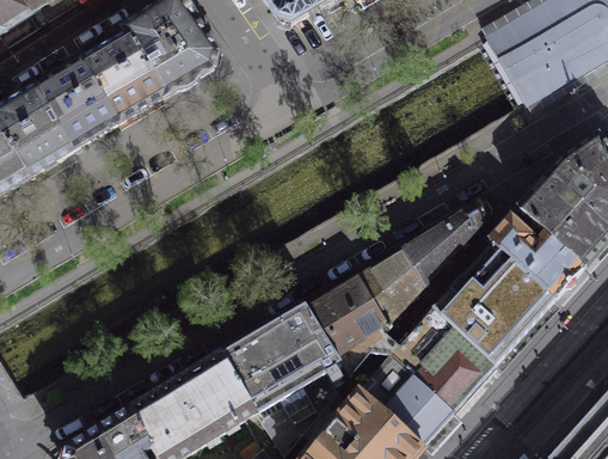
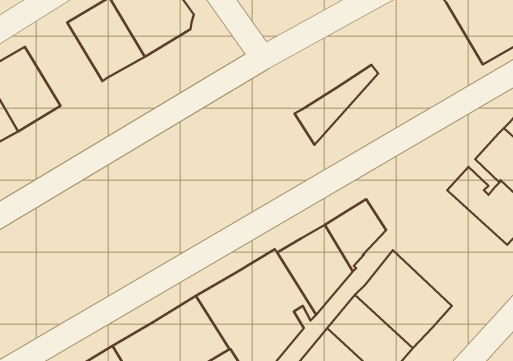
building: [36,60,119,149] -> none
building: [403,197,492,283] -> [295,65,378,145]
building: [431,241,554,365] -> none

